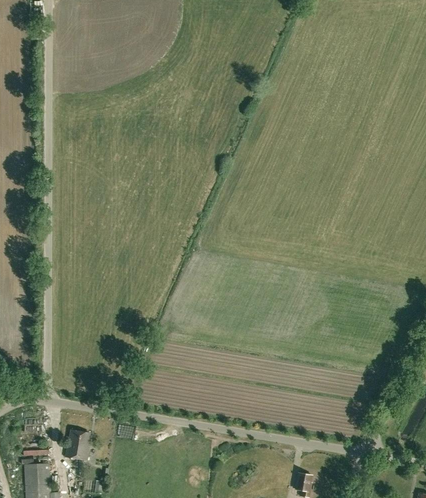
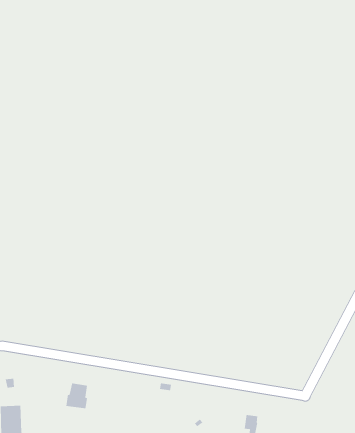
building: [64,431,89,460] -> [65,383,88,409]

